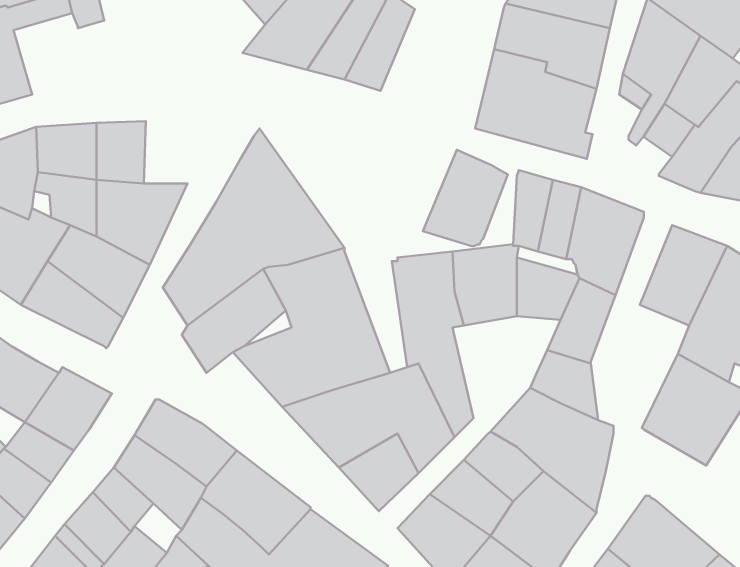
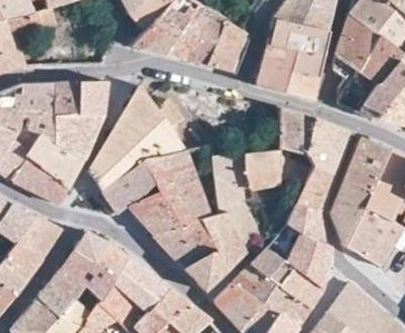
building: none -> [79,80,107,115]
building: [423,150,508,246] -> [206,21,252,73]
building: none -> [332,180,372,246]

